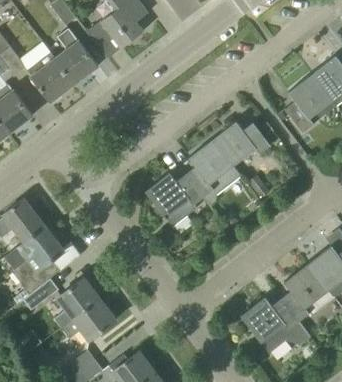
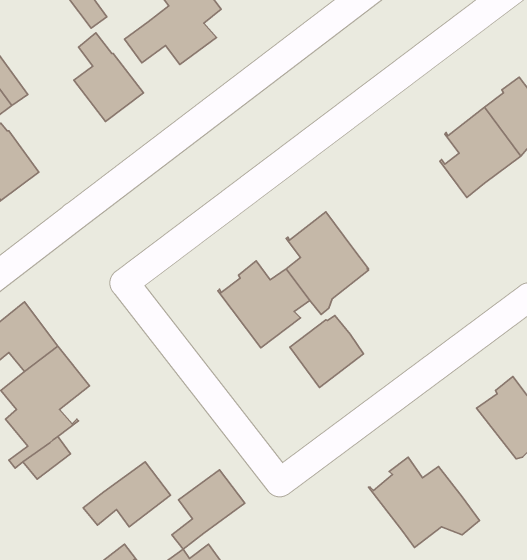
building: [27,52,74,102] -> none
building: [213,121,270,164] -> none
building: none -> [290,315,363,387]
building: [284,265,334,321] -> none
building: [53,278,99,328] -> [172,470,245,549]

